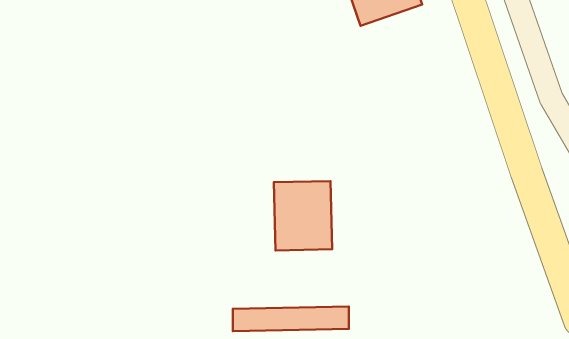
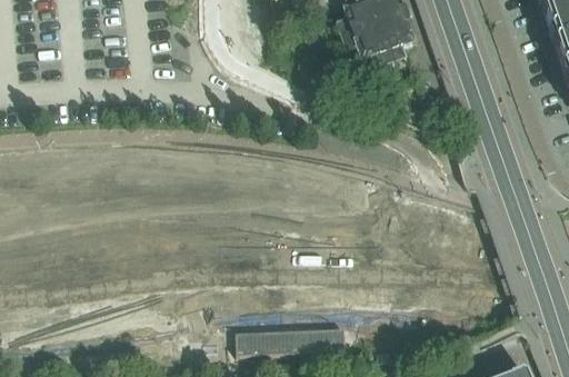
building: [274,181,332,250] -> none

